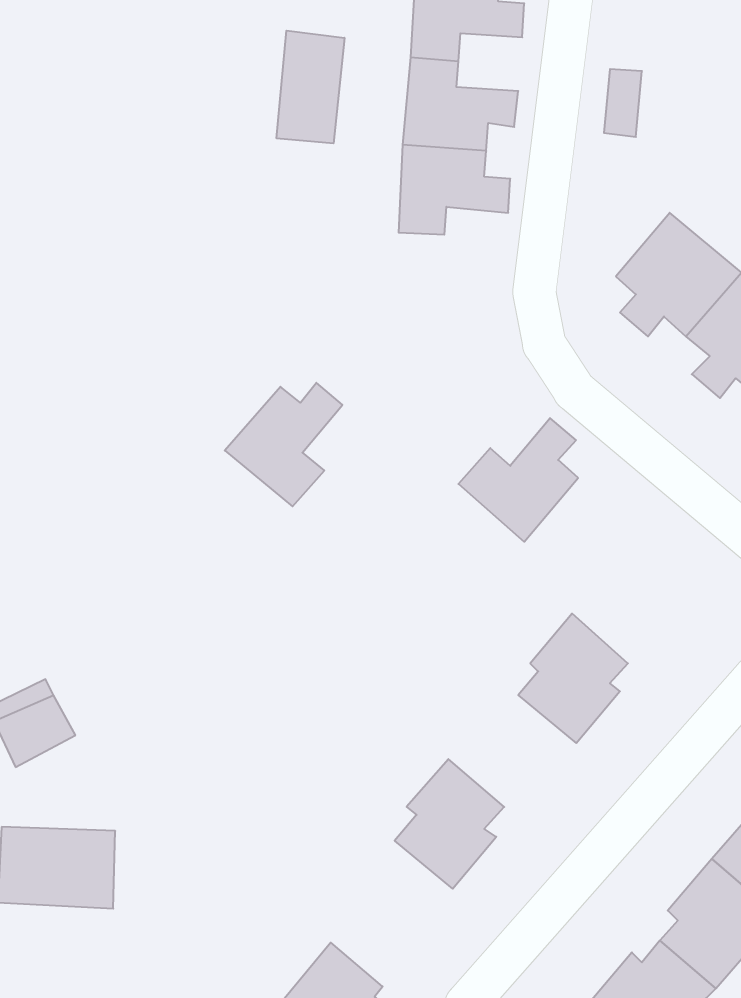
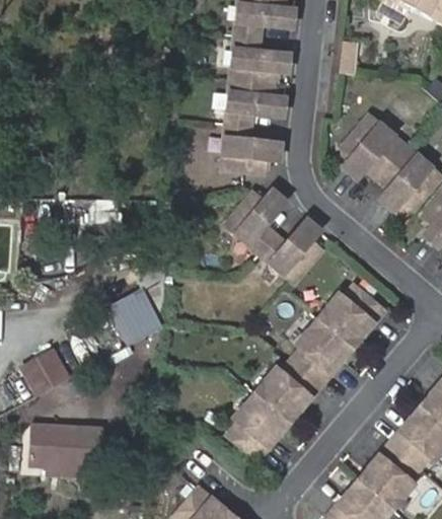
building: [277,31,344,143] -> none
building: none -> [227,124,285,170]
building: [225,383,342,506] -> [227,189,287,251]
building: none -> [319,285,384,343]
building: none -> [99,286,162,348]
building: none -> [256,359,321,416]

